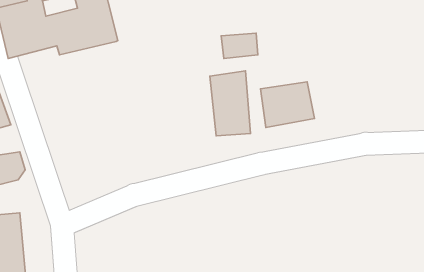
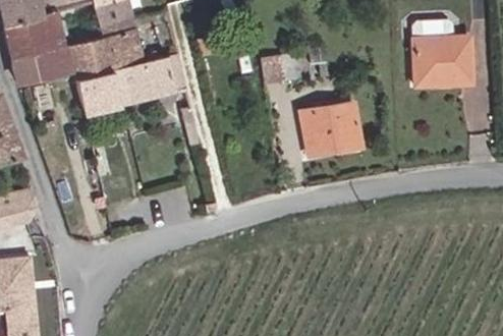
building: none -> [416,39,473,90]
building: none -> [75,52,184,113]
building: [210,71,251,136] -> none

